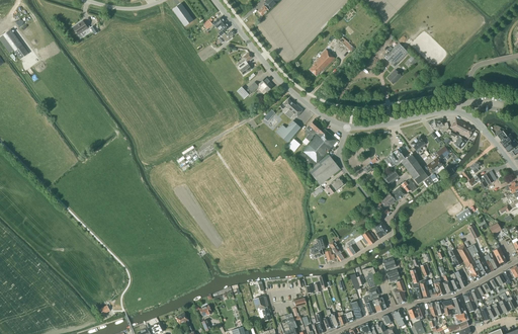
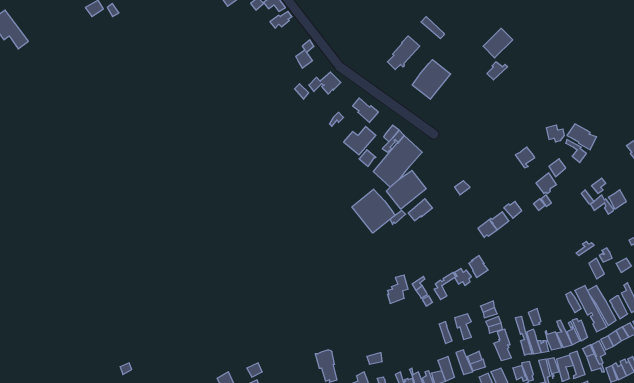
building: none -> [412,60,451,99]
building: [383,150,427,185] -> none
building: none -> [352,189,395,233]

